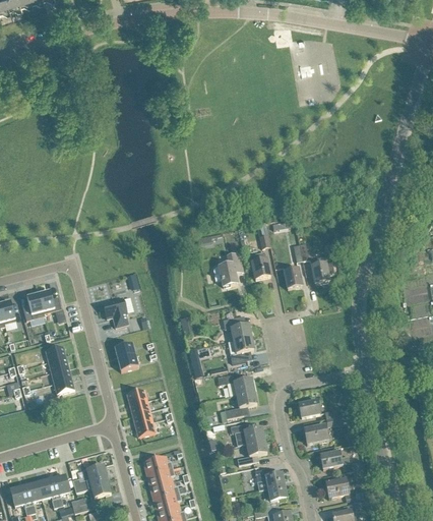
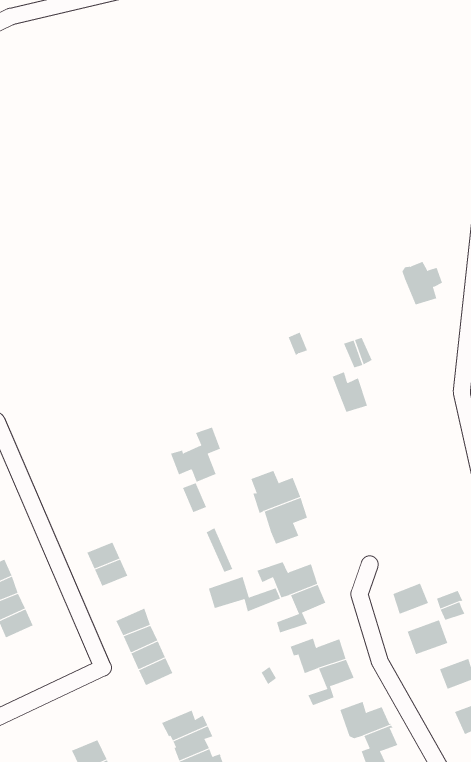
building: [250,250,270,278] -> none
building: [210,252,242,285] -> [170,427,221,482]
building: [310,255,334,282] -> [401,261,443,305]
building: [103,297,128,326] -> none
building: none -> [208,576,281,612]

